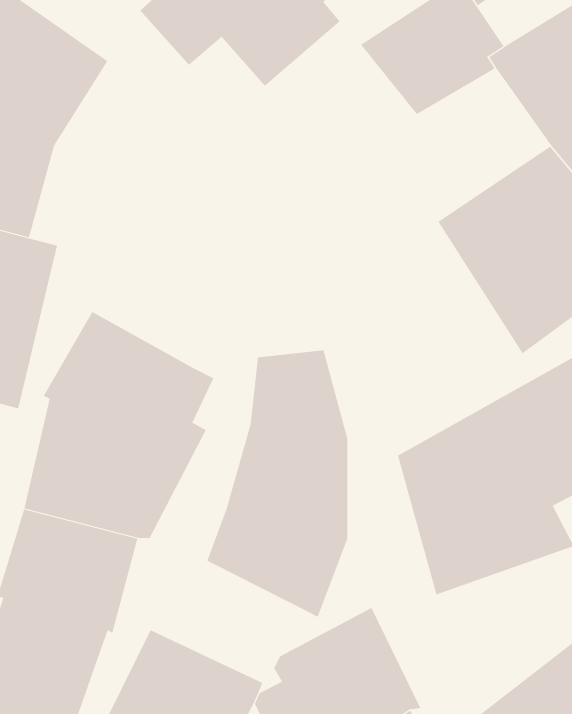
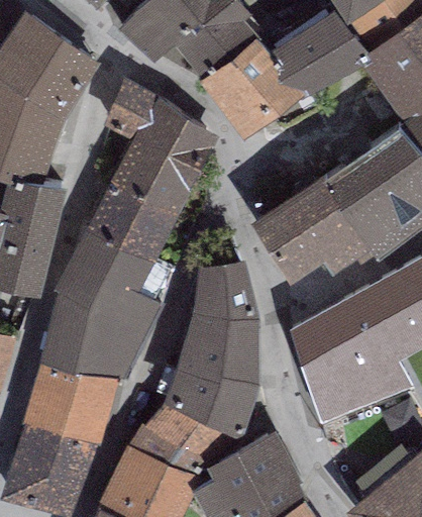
building: none -> [198,33,306,141]
building: none -> [86,79,218,269]
building: none -> [249,170,378,278]
building: none -> [125,402,231,483]

